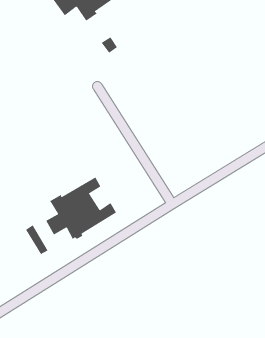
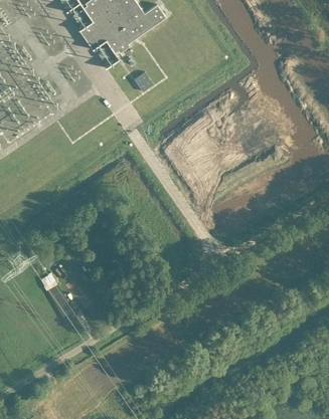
building: [45,177,117,240] -> none

